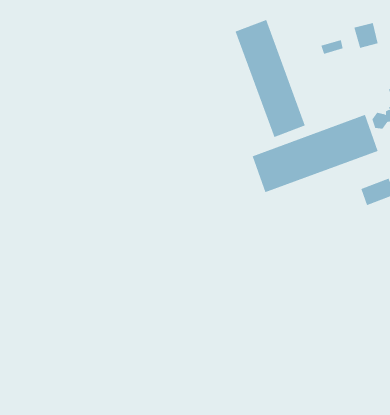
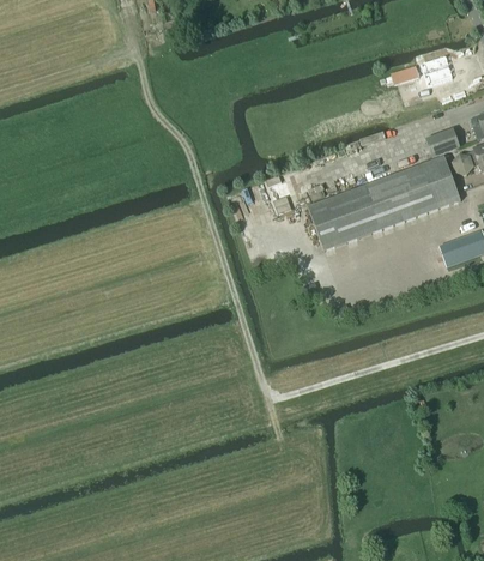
building: [235,19,306,138] -> none
building: none -> [425,127,459,156]

